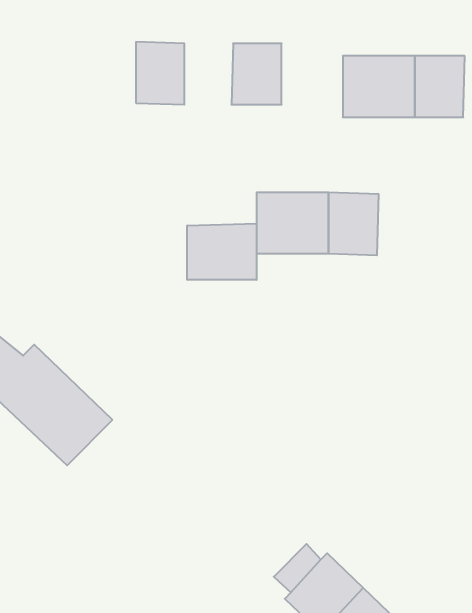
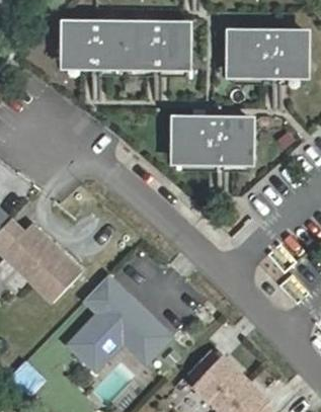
building: none -> [64,27,96,67]
building: none -> [128,28,159,68]
building: [187,224,257,280] -> none
building: none -> [64,271,176,376]

